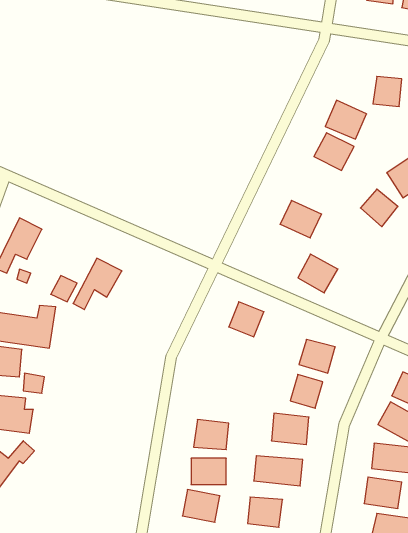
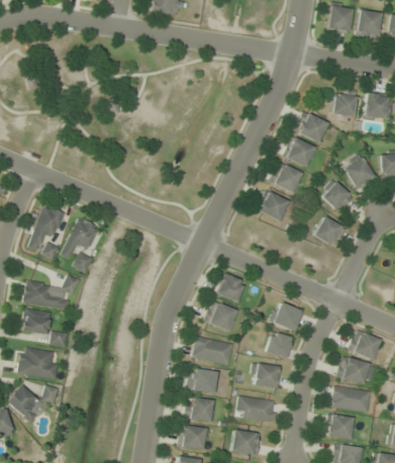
building: none -> [269,161,304,194]
building: [298,254,338,293] -> [314,217,347,248]
building: [73,258,122,310] -> [61,219,100,260]
building: none -> [204,301,239,333]
building: none -> [192,337,233,365]

